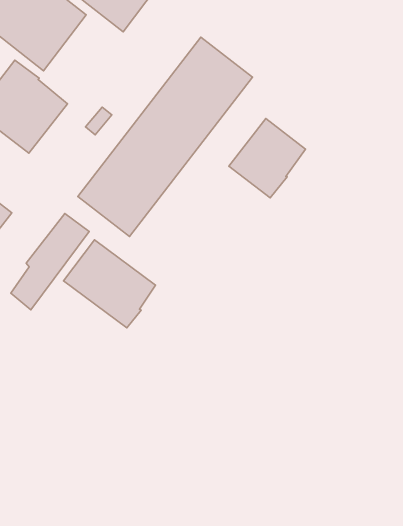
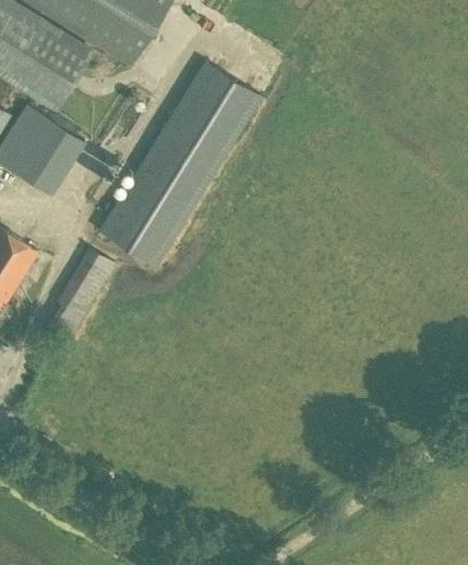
building: [229,119,306,198] -> none
building: [64,240,155,328] -> none

